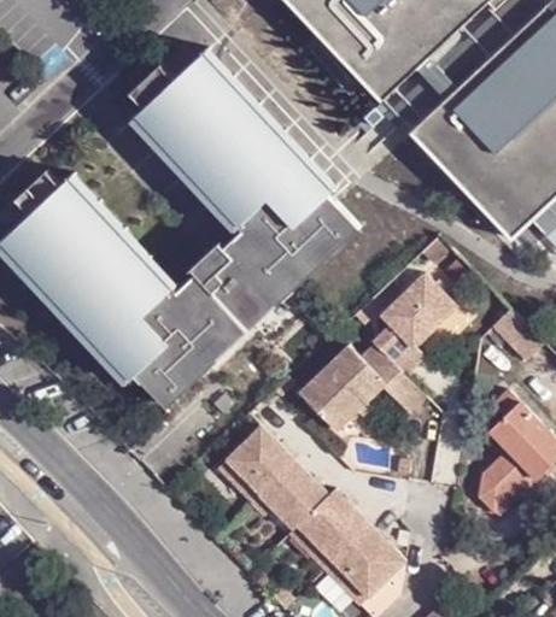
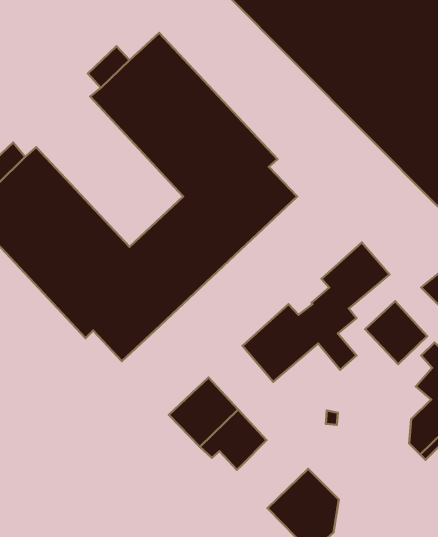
building: none -> [365,301,427,364]
building: [295,489,369,570] -> none

